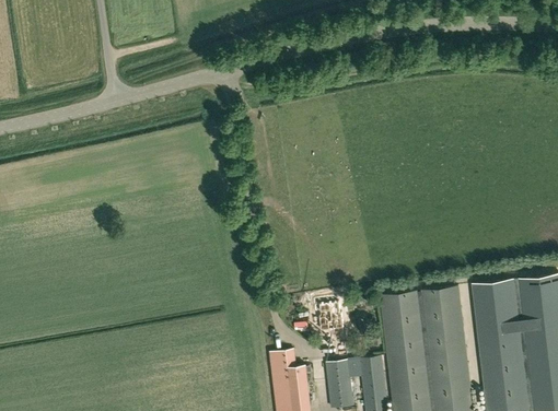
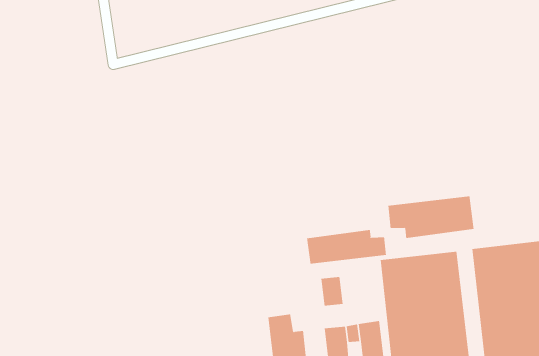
building: none -> [388,196,474,239]
building: none -> [306,229,386,265]

